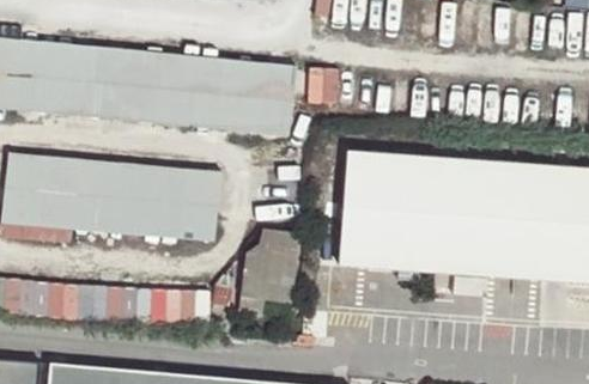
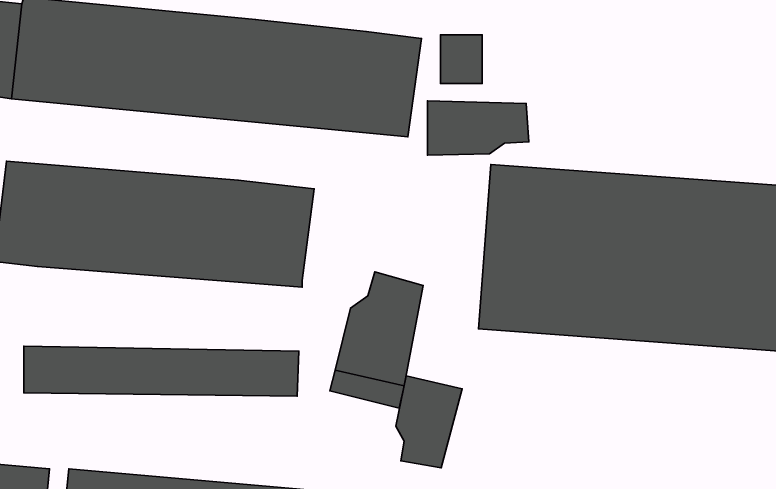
building: none -> [427,101,529,155]
building: none -> [396,376,462,468]

